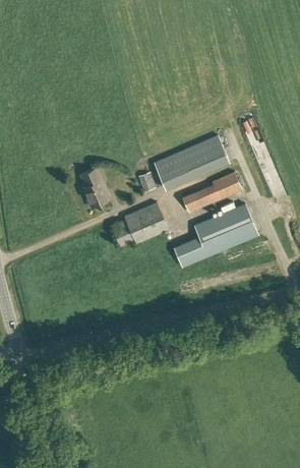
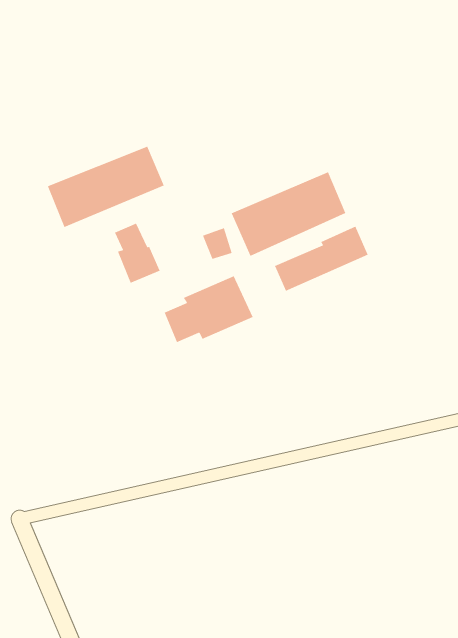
building: none -> [47,146,164,228]
building: [174,203,257,266] -> none

